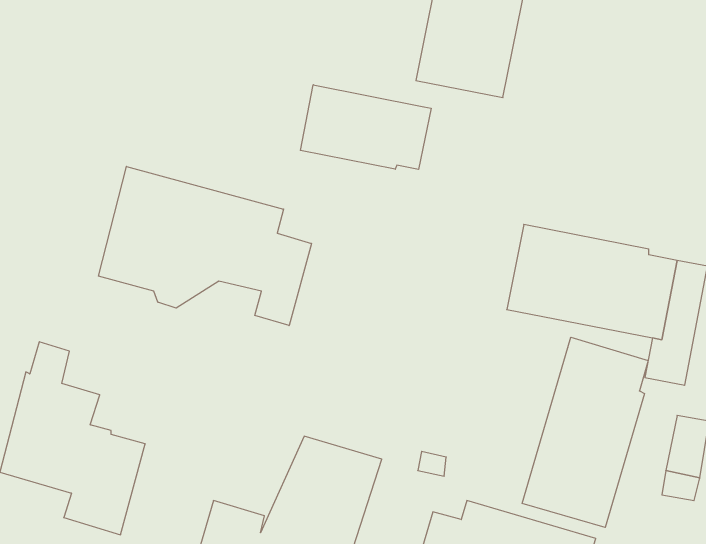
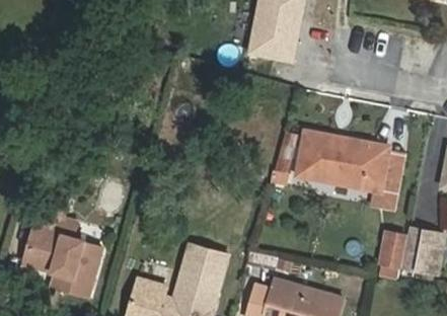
building: [300,85,431,169] -> none
building: [98,166,311,326] -> none
building: [522,337,648,527] -> none

